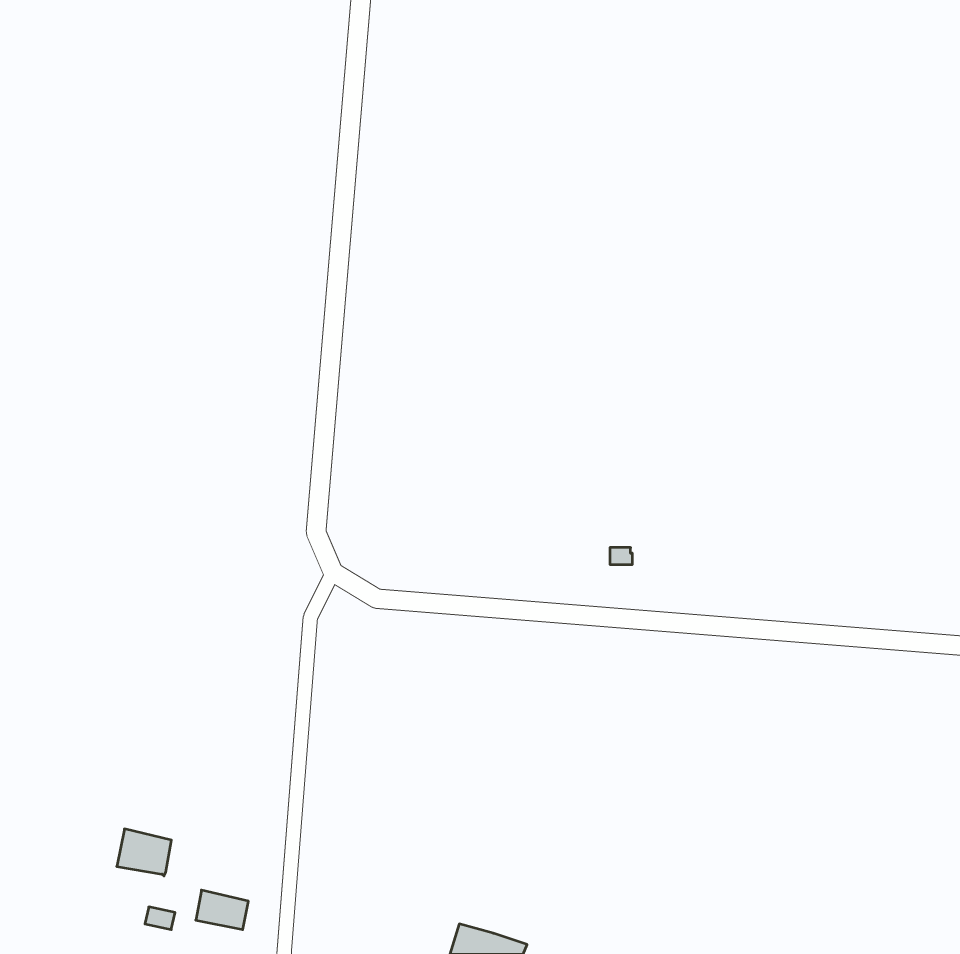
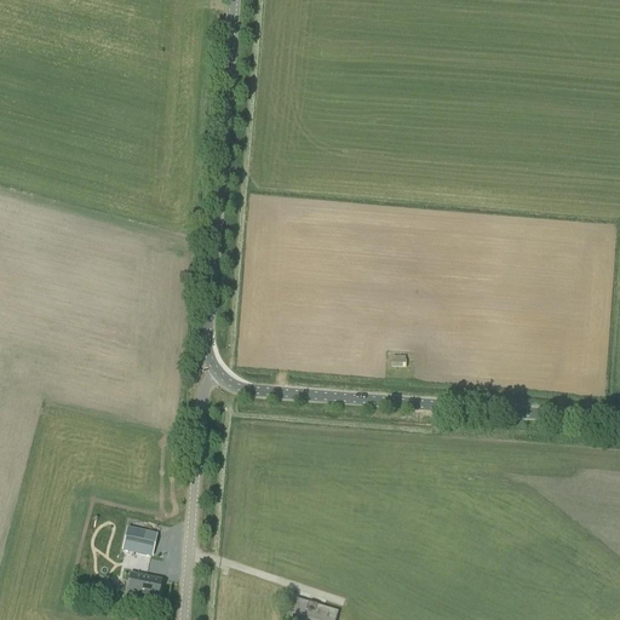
building: [117,829,171,876] -> [122,526,157,556]

